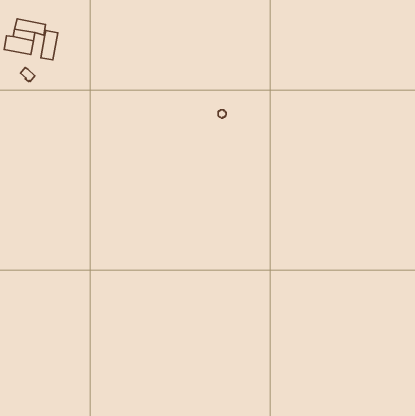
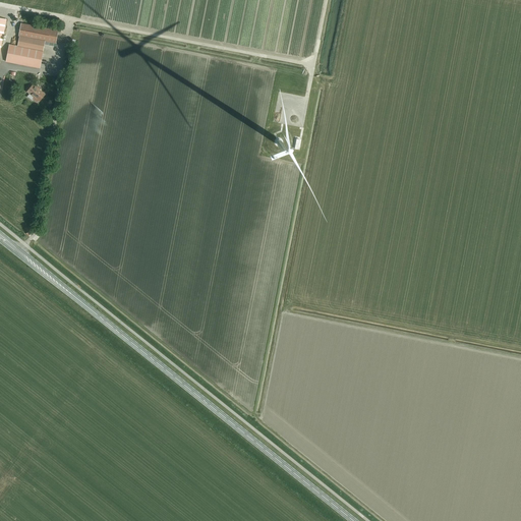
building: [41,31,58,60] -> none

